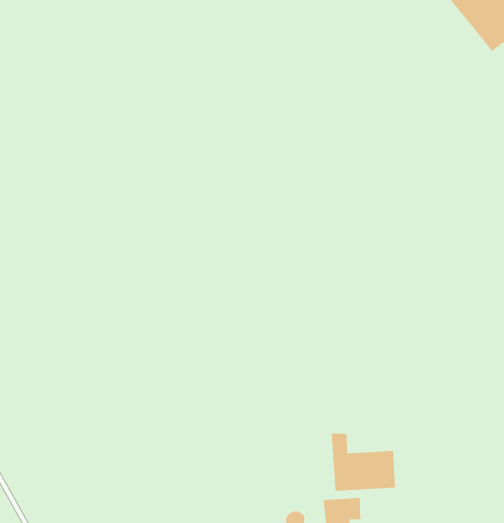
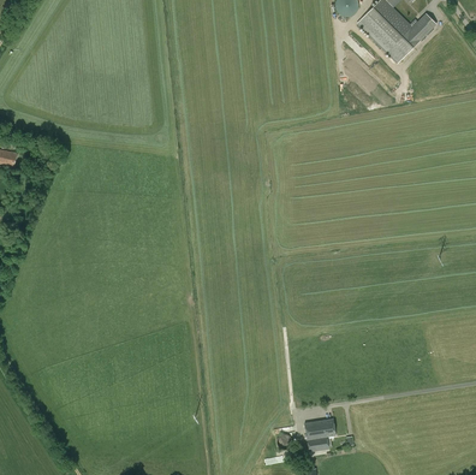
building: [331,433,396,491] -> none

